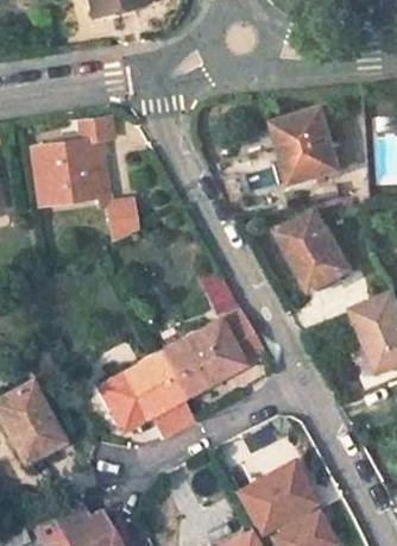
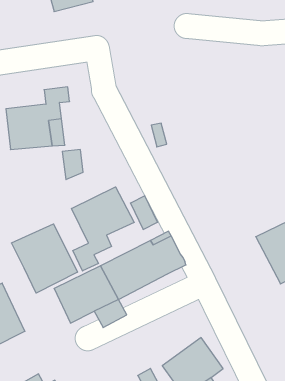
building: [279,109,341,183] -> none
building: [285,214,353,295] -> none
building: none -> [72,187,134,271]
building: none -> [11,224,77,293]

